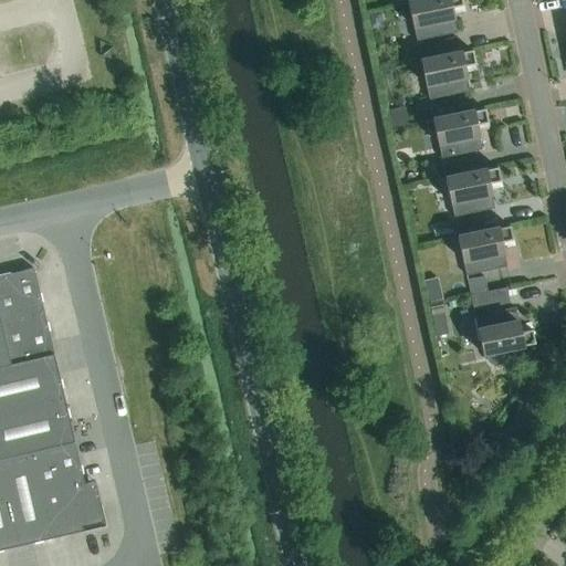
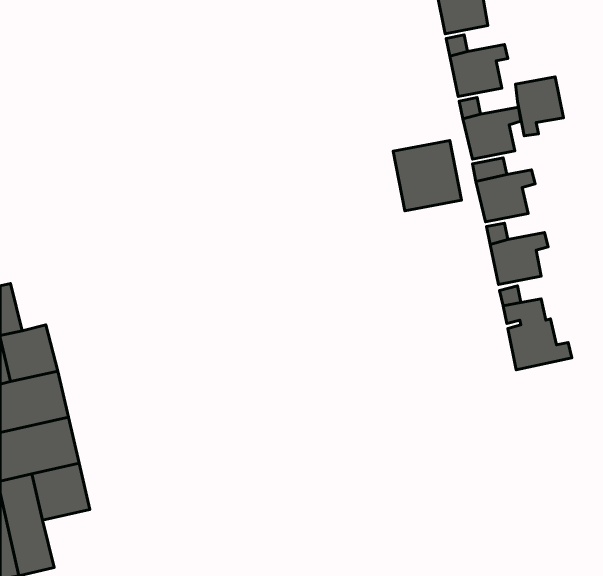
building: none -> [515,77,563,136]
building: none -> [393,140,462,211]
building: [10,268,43,317] -> none
building: [40,484,106,538] -> none

